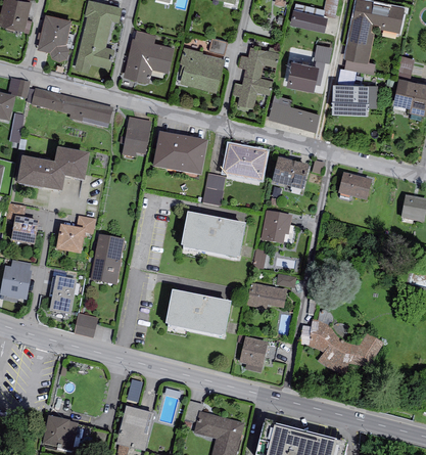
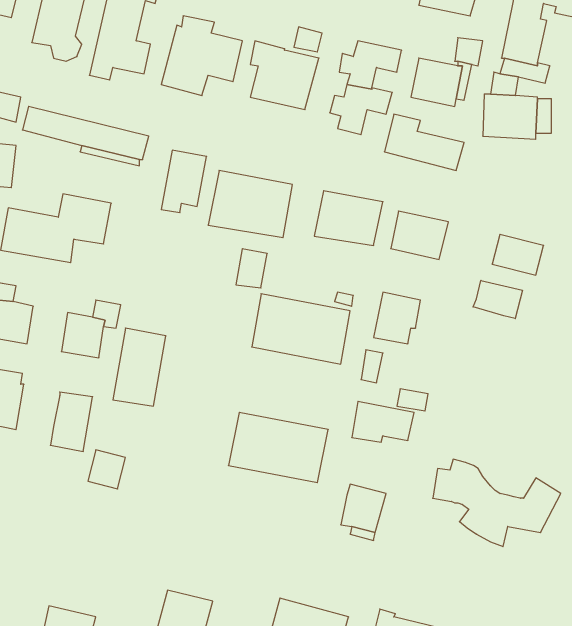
building: [203,175,224,200] -> [236,249,267,288]
building: none -> [473,280,522,319]

